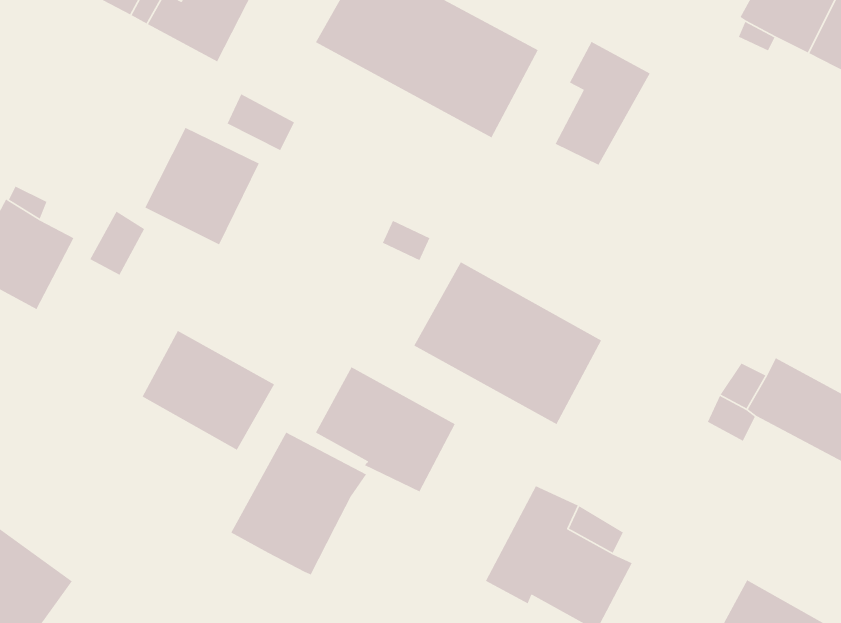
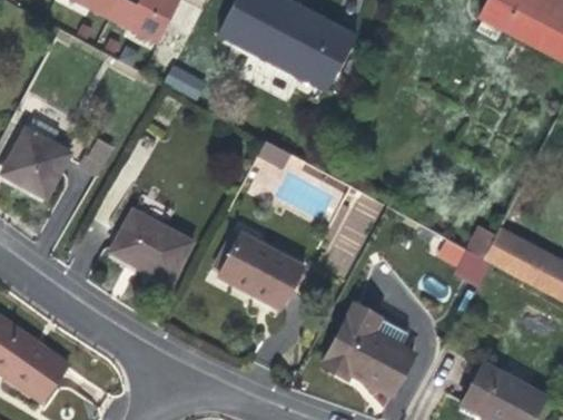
building: [555,41,651,166] -> none
building: [144,127,260,245] -> none
building: [413,261,602,425] -> none
building: [230,431,367,576] -> none

